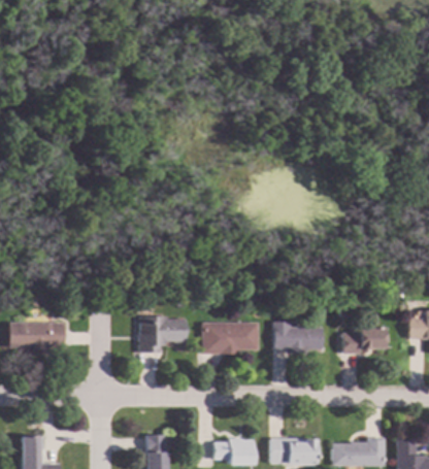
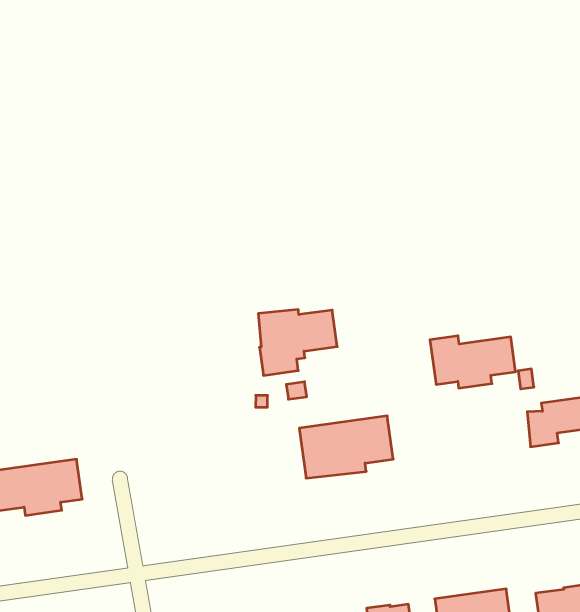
building: [139,314,187,353] -> [258,310,337,375]
building: [273,322,323,354] -> [430,336,516,388]

